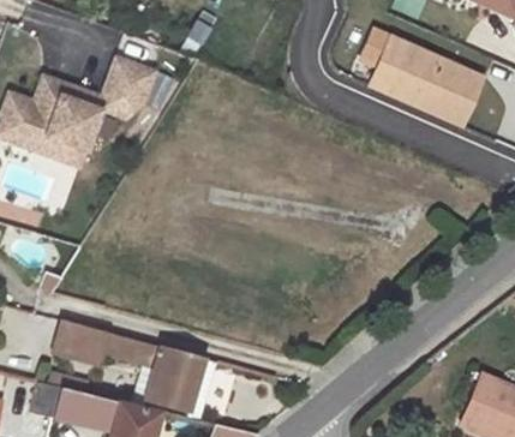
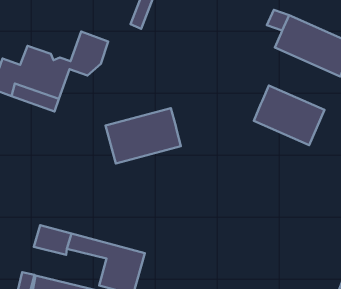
building: none -> [254,86,324,145]
building: none -> [106,108,181,164]

